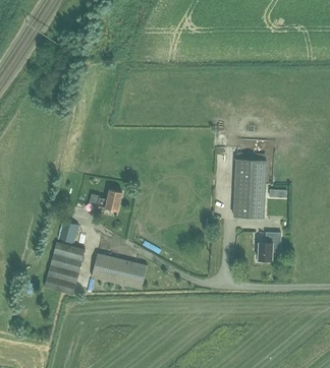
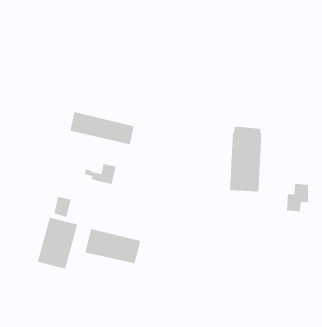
building: none -> [69,111,134,145]
building: [258,232,280,260] -> [286,183,309,212]

